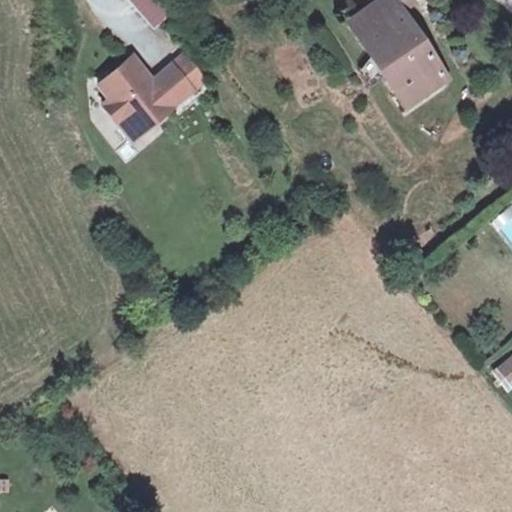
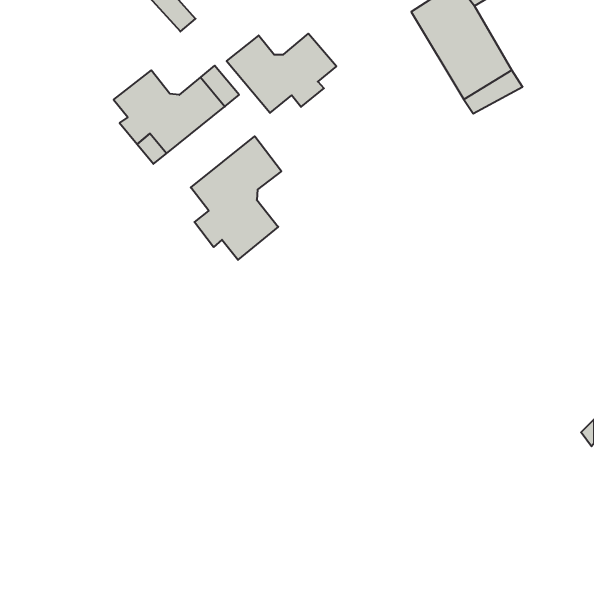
building: none -> [227,34,336,113]
building: none -> [191,136,281,260]

